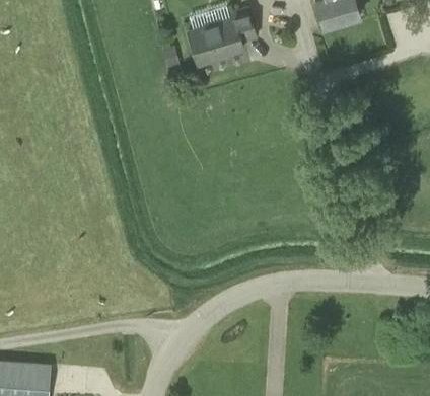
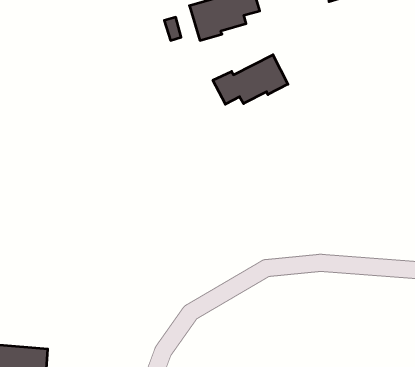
building: none -> [213,55,288,104]

